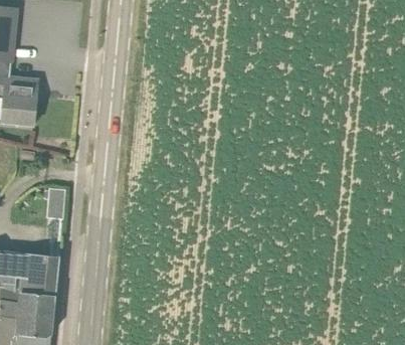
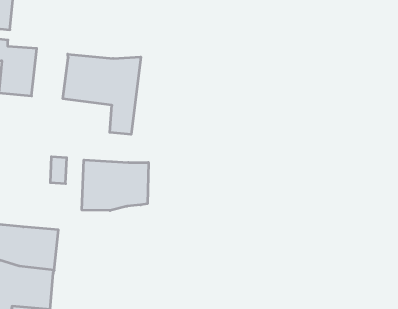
building: none -> [63,54,141,134]
building: none -> [82,160,148,211]

